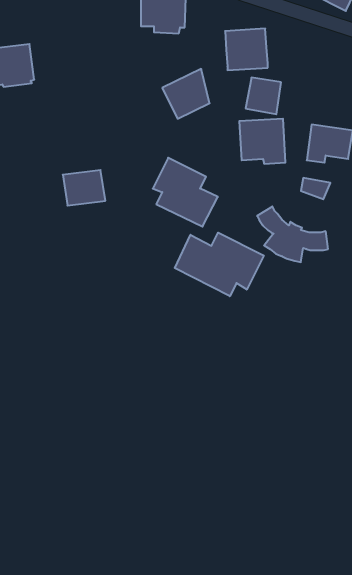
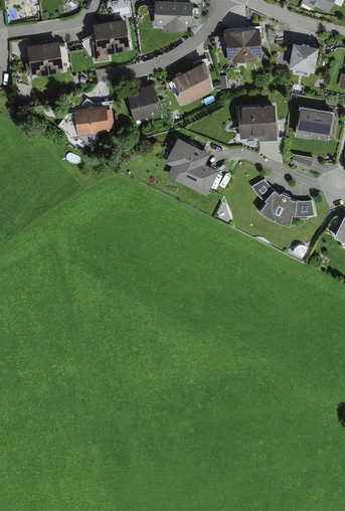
building: none -> [92,19,130,62]
building: [246,78,281,114] -> [288,41,318,72]
building: none -> [127,82,161,120]
building: [63,170,105,206] -> [73,106,110,136]
building: [175,233,264,296] -> none

